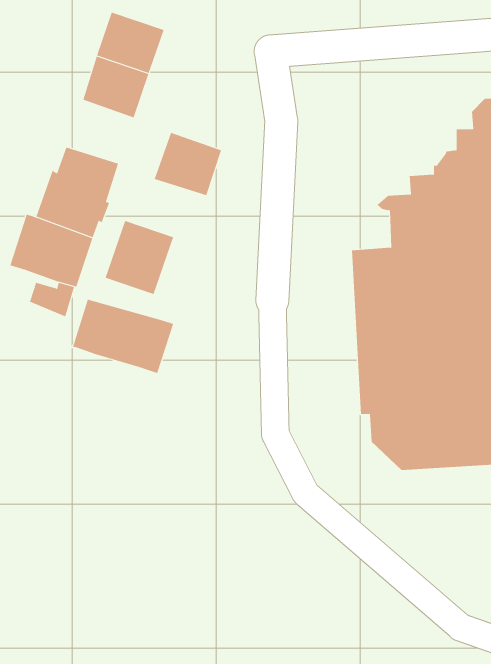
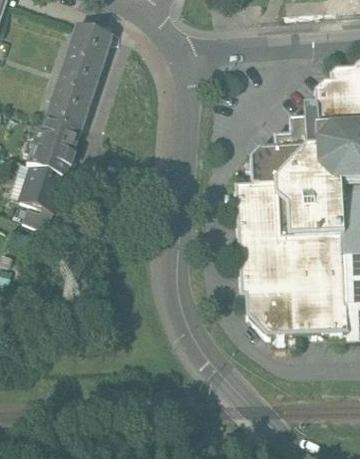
building: [154,132,222,196] -> [48,85,93,128]
building: [105,220,174,295] -> none
building: [72,299,174,374] -> none

